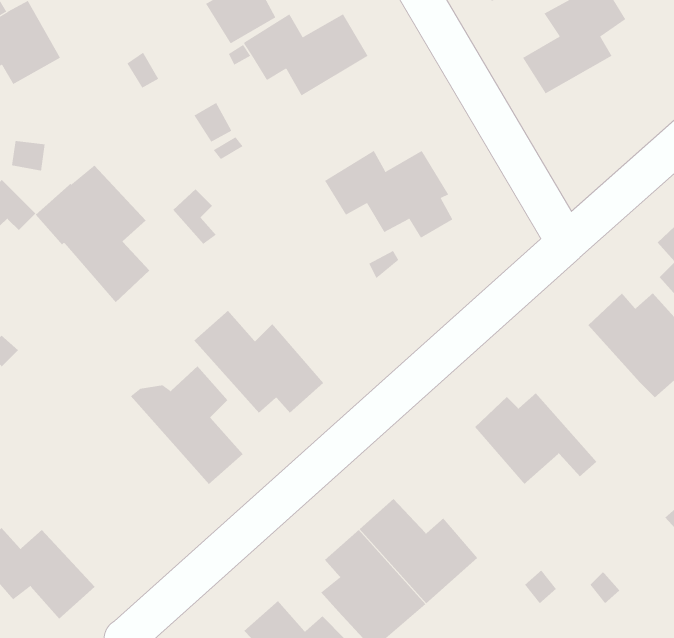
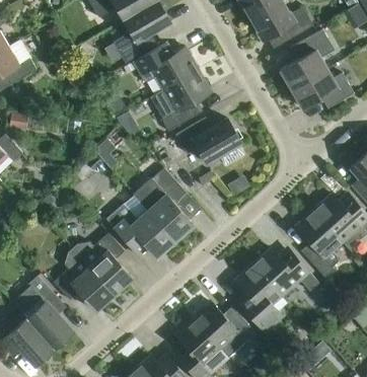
building: none -> [162,69,212,132]
building: none -> [292,69,355,108]
building: [35,165,150,303] -> [133,168,194,241]
building: none -> [296,211,342,278]
building: none -> [54,248,115,311]
building: none -> [236,265,283,331]
building: none -> [14,276,73,349]

